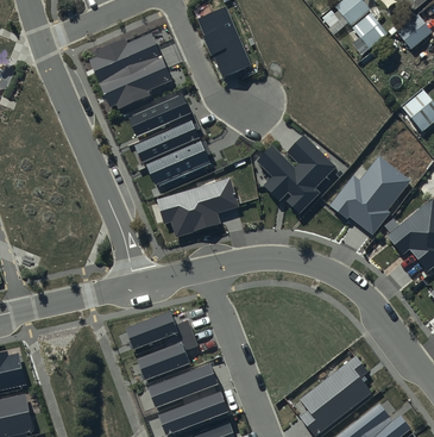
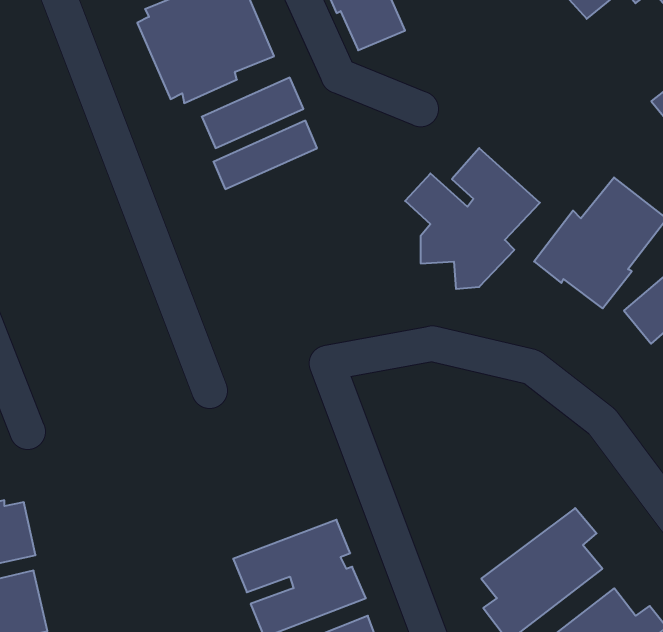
building: [147,139,210,185] -> none
building: [156,176,239,236] -> none
building: [126,311,199,380] -> none

